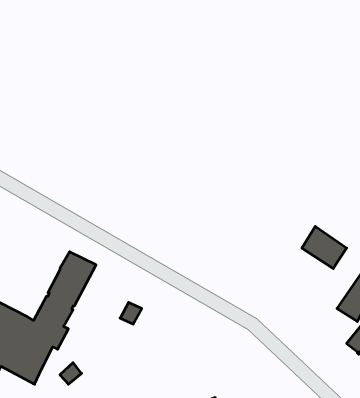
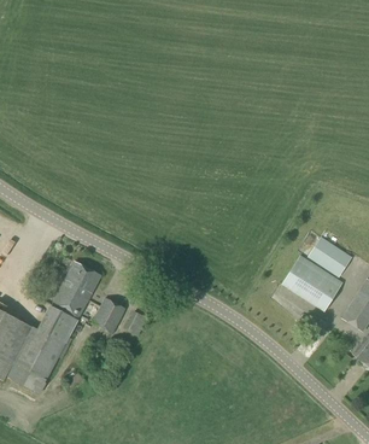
building: none -> [282,256,342,311]
building: none -> [93,298,125,334]

